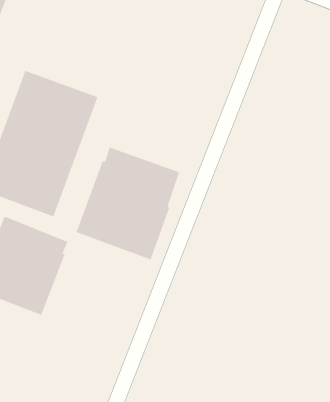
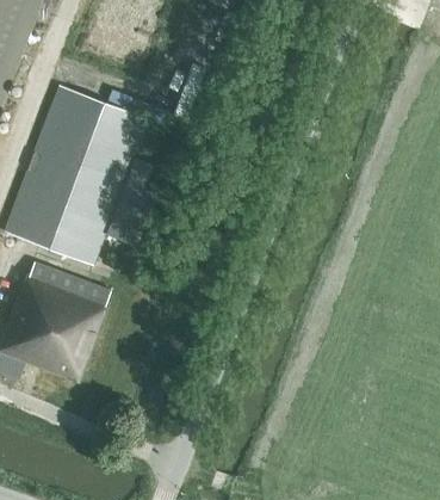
building: [75,147,180,260] -> none

